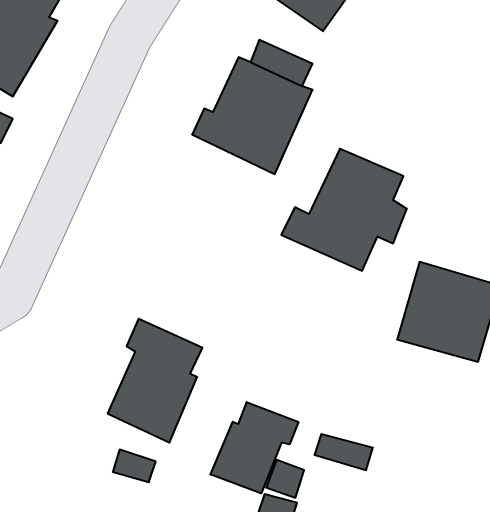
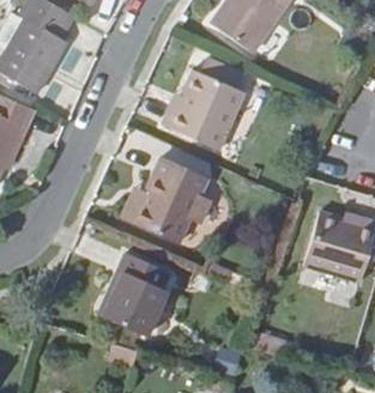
building: [281,149,407,271] -> [120,157,207,242]
building: [210,402,298,493] -> none

